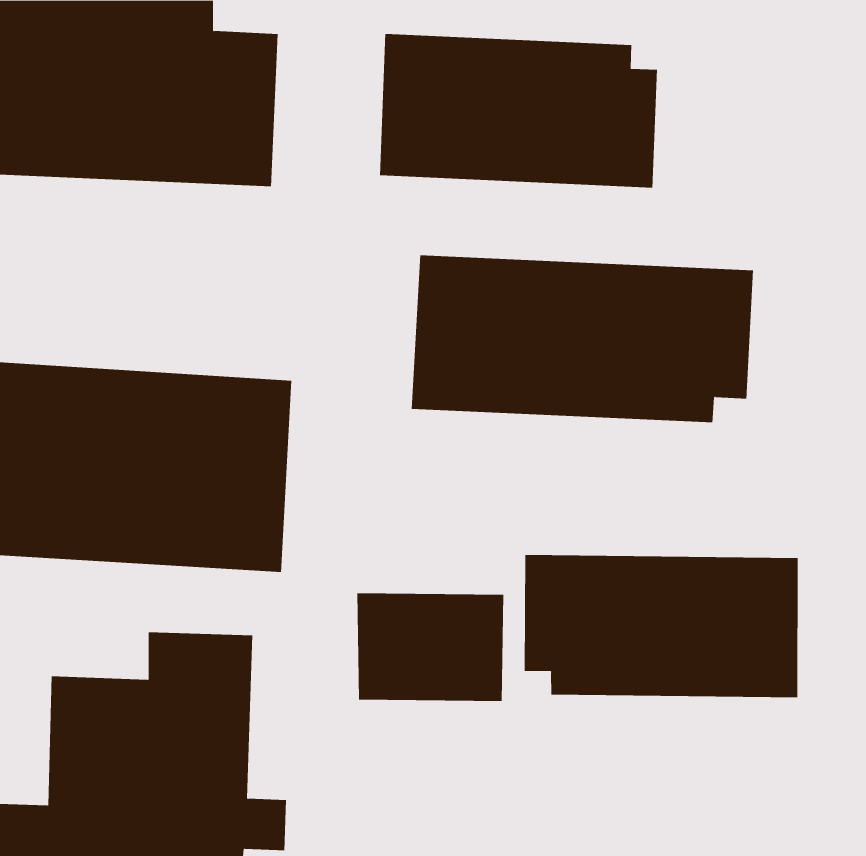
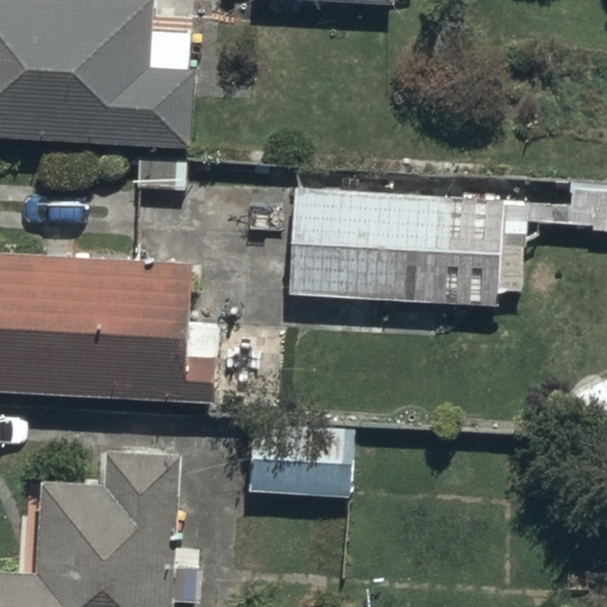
building: [379,33,658,188] -> none
building: [524,554,798,698] -> none

